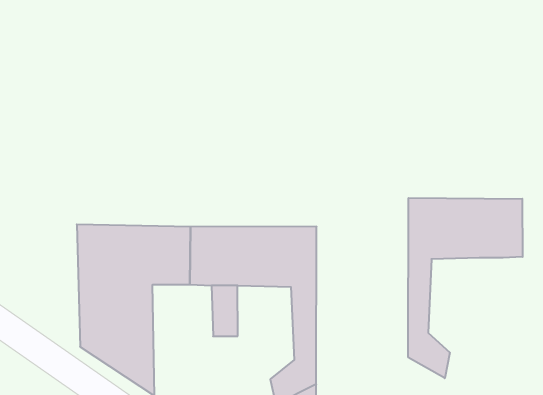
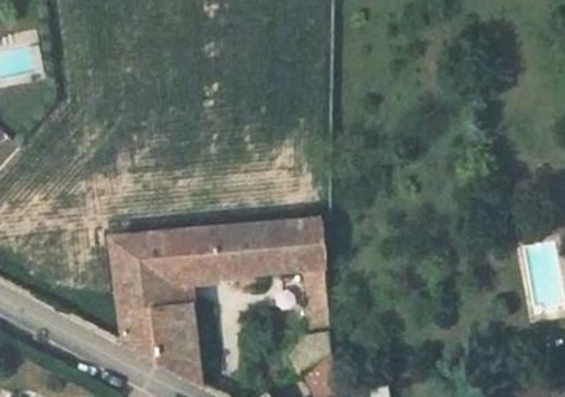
building: [408,198,523,378] -> none

